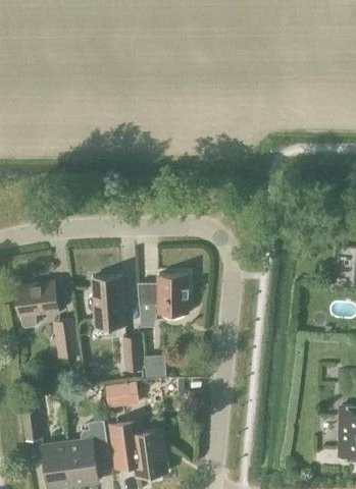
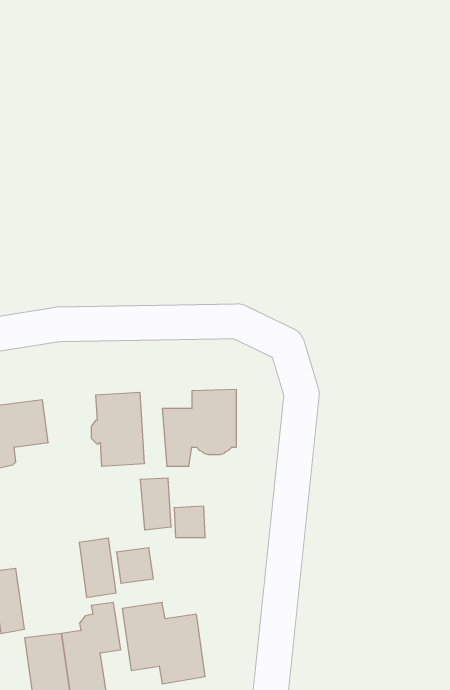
building: [53,319,79,360] -> [79,538,116,597]

